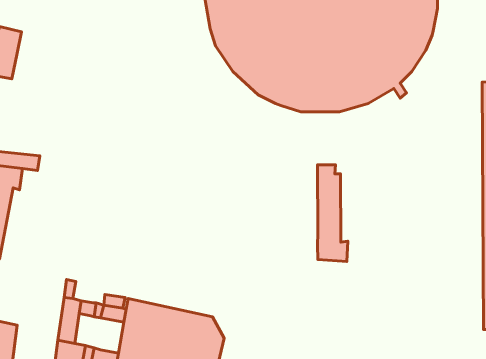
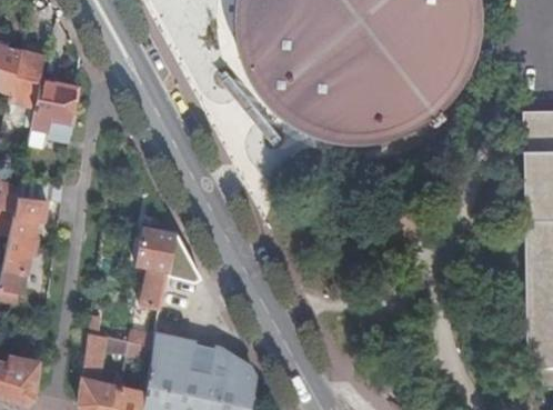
building: none -> [30,78,77,133]
building: [317,165,348,261] -> none
building: none -> [137,226,202,307]

